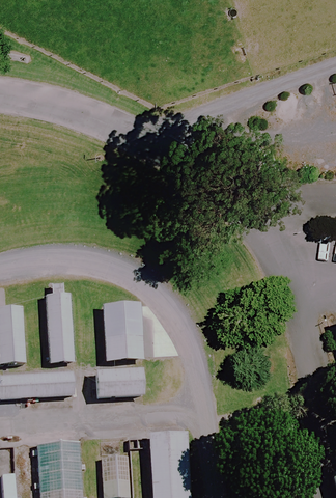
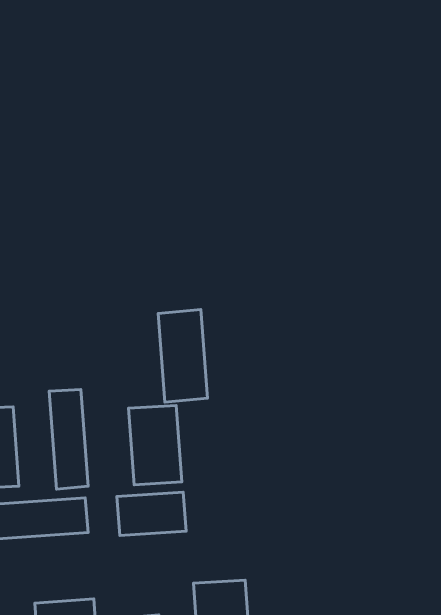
building: none -> [158,309,208,402]

